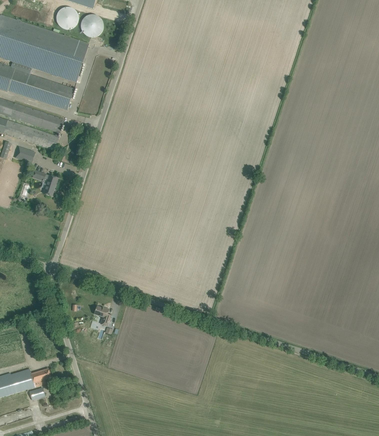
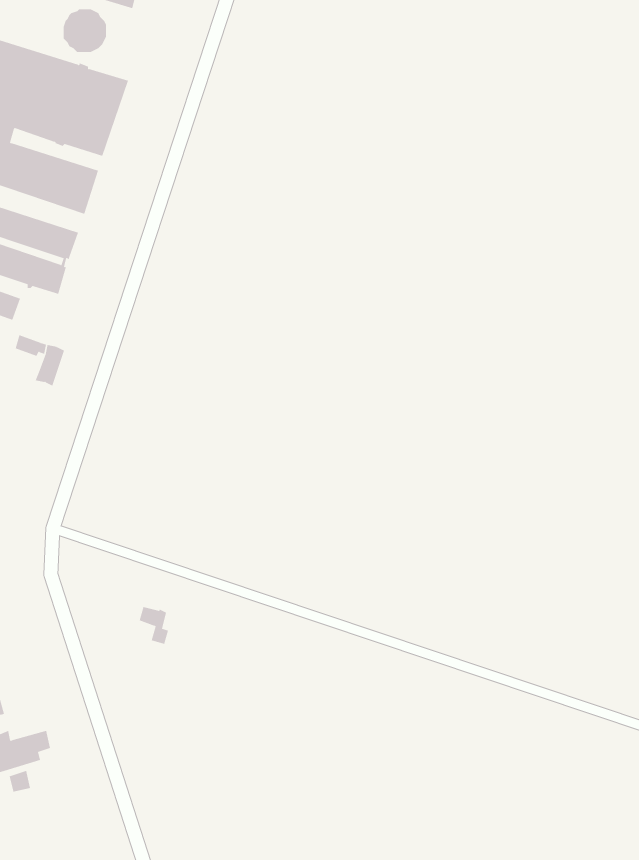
building: [79,13,102,37] -> none

